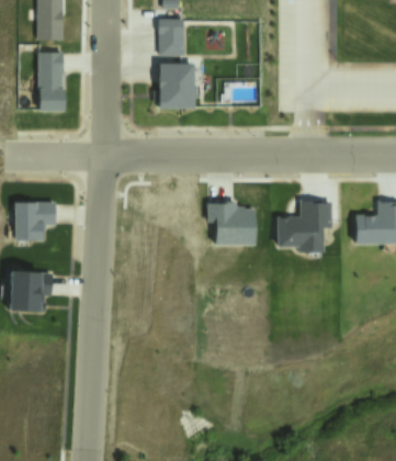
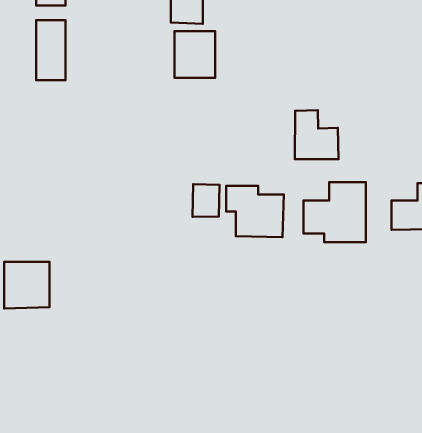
building: none -> [295,110,338,159]
building: none -> [192,184,219,217]
building: [15,203,58,239] -> none

